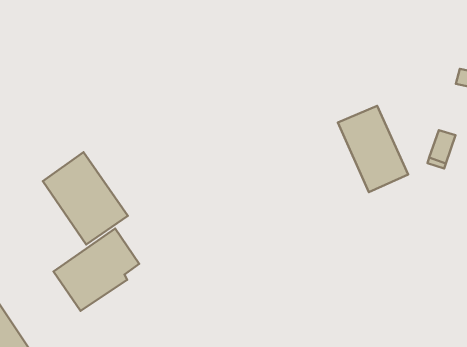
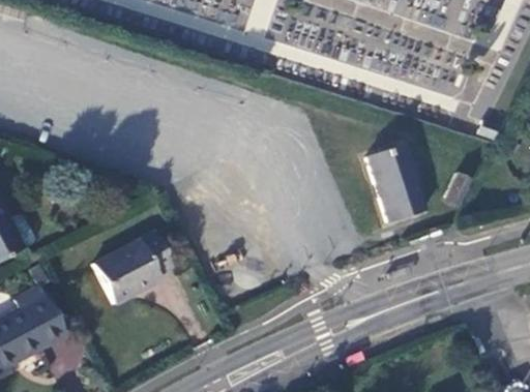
building: [43,152,128,244] -> none

